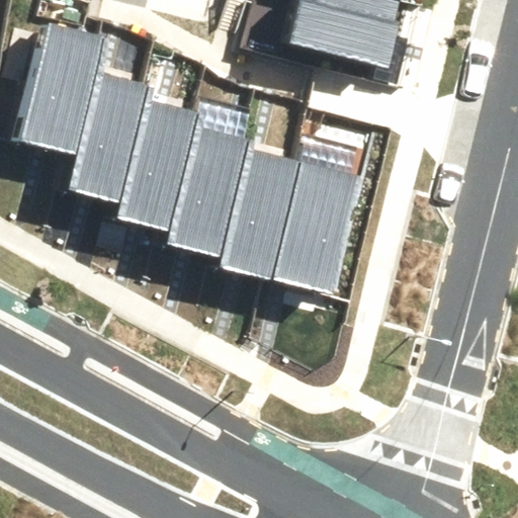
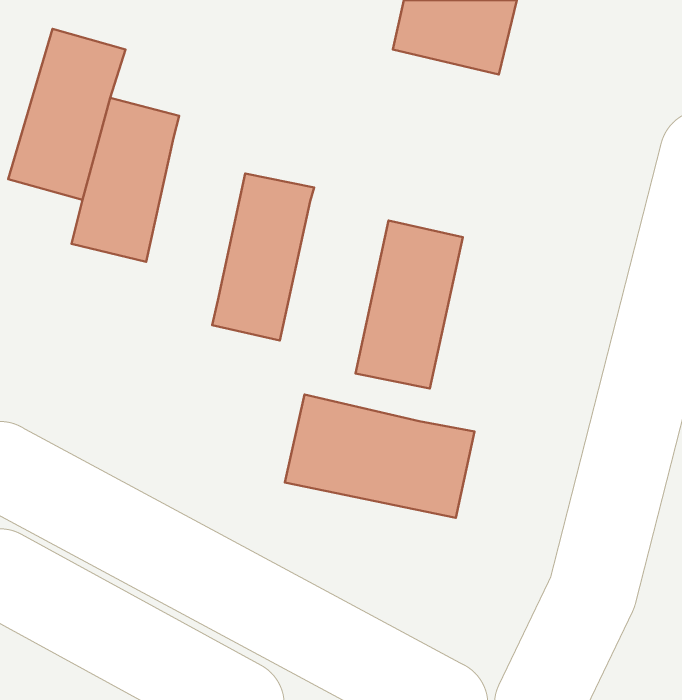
building: [119,104,198,224] -> none
building: [220,151,301,277] -> none
building: none -> [285,395,475,518]

